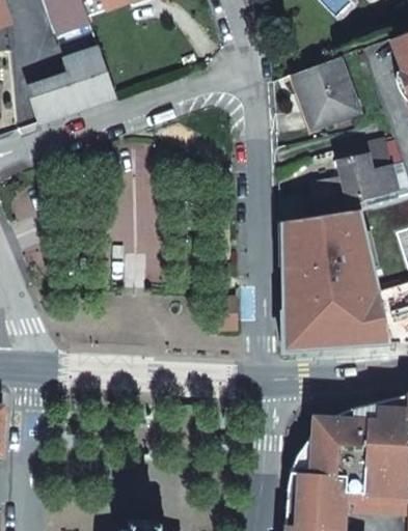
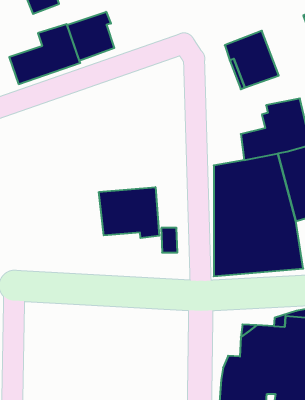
building: none -> [67,12,114,61]
building: none -> [99,187,159,238]

